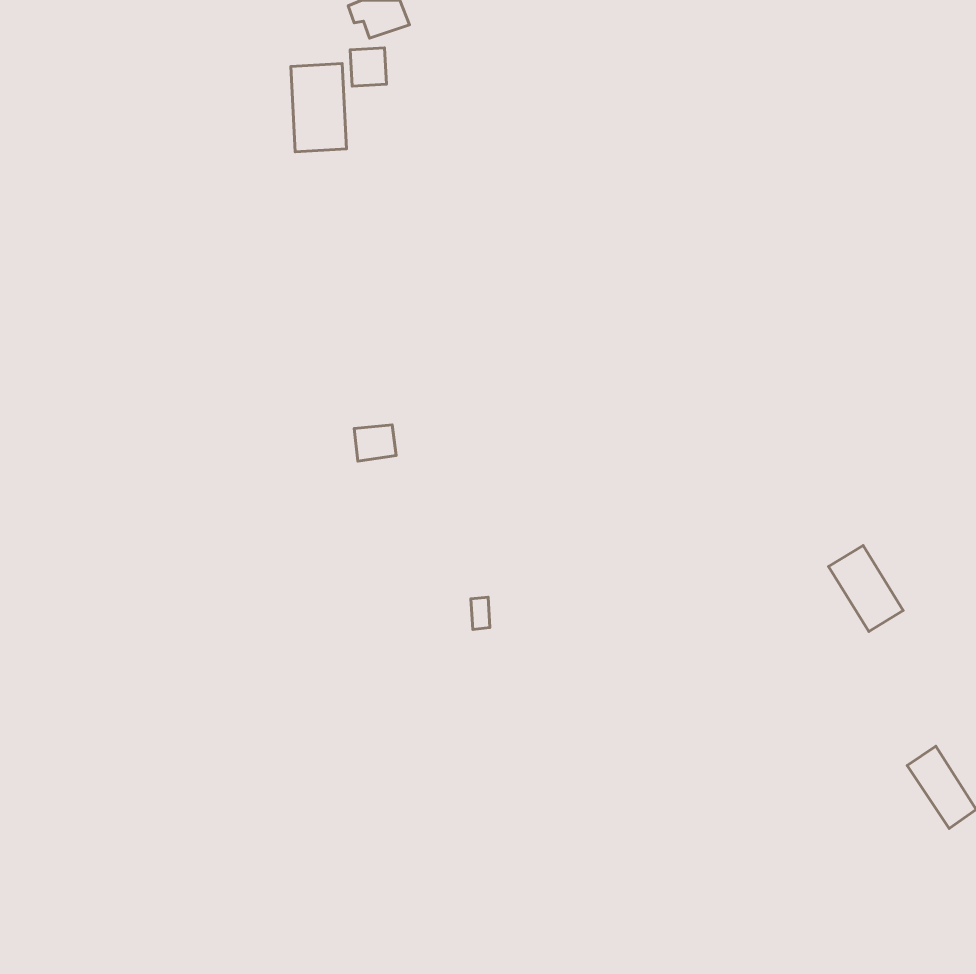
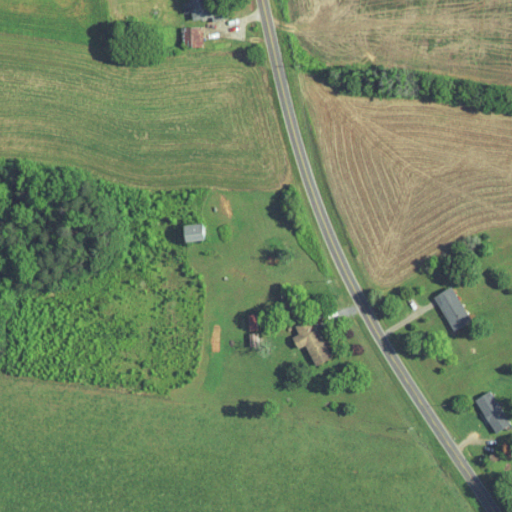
building: [291,64,347,152] -> none
building: none -> [293,319,330,367]

